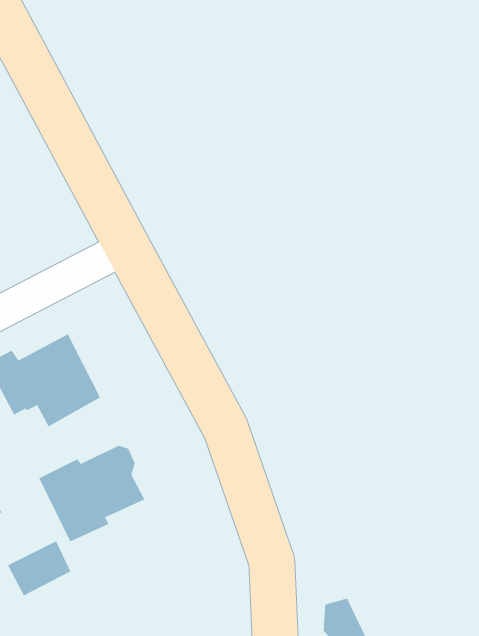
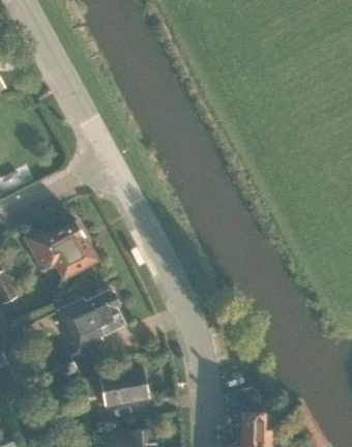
building: none -> [85,370,148,406]

